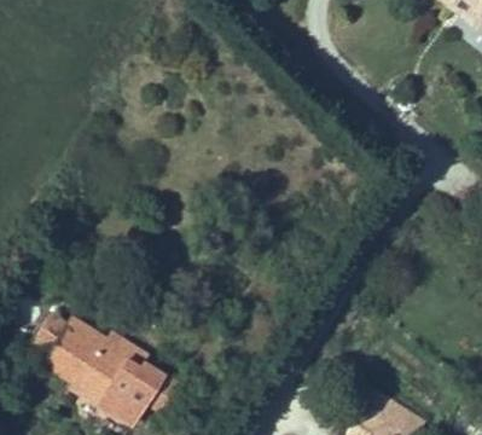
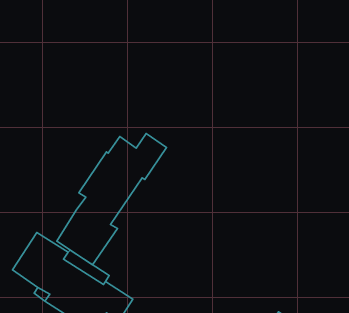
building: none -> [57,134,166,265]

